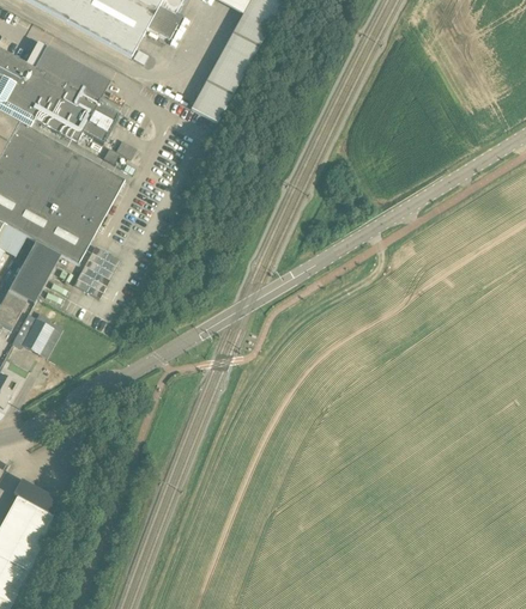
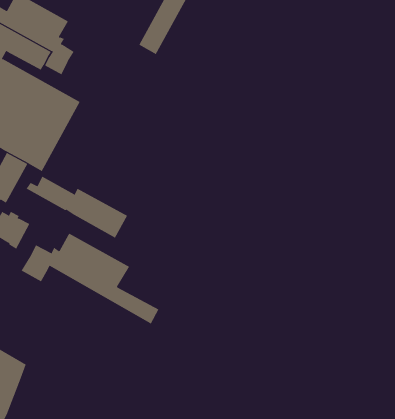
building: none -> [26,176,128,238]
building: none -> [21,233,159,325]

